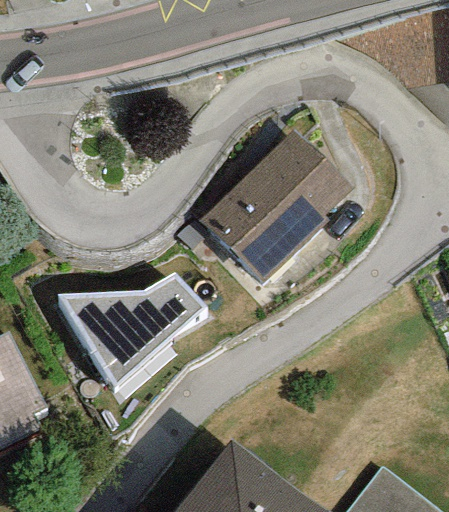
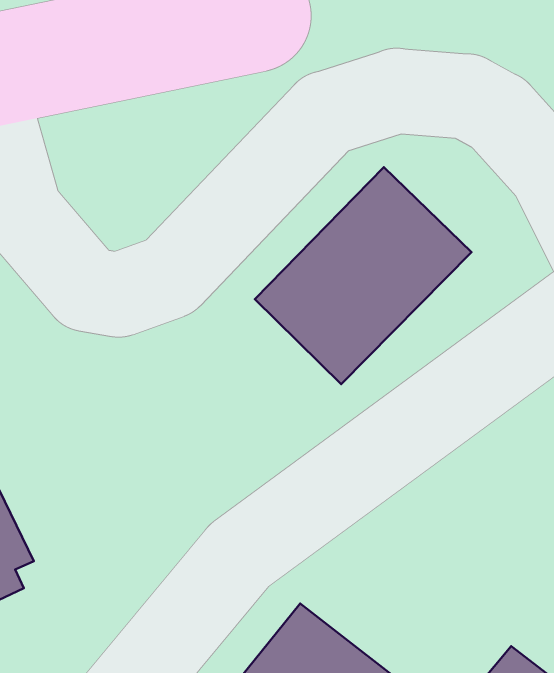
building: [56,273,203,387] -> none

